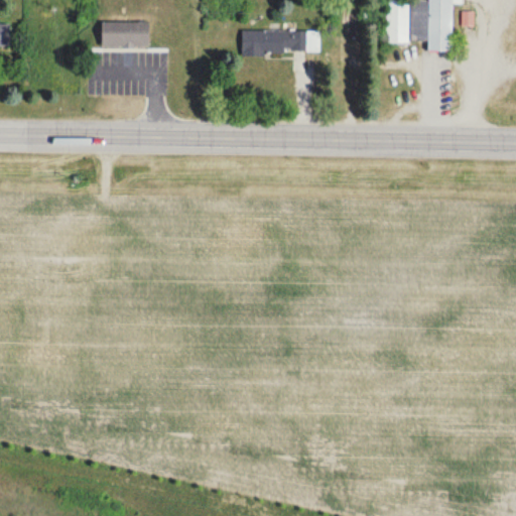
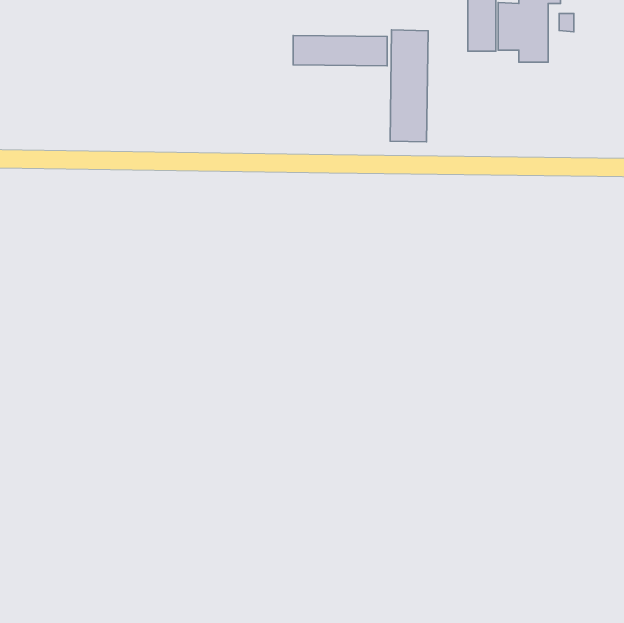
building: [102,22,149,45] -> none
building: none -> [390,30,428,142]

